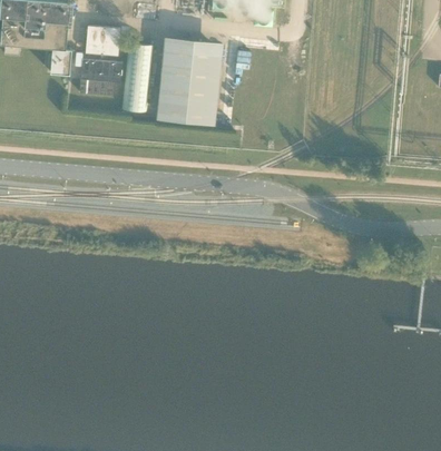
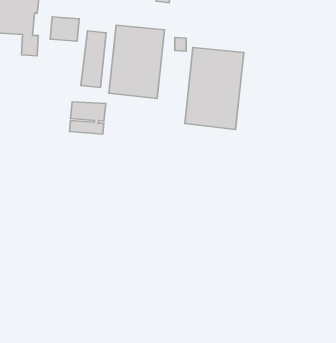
building: [79,60,122,99] -> [69,102,106,134]
building: none -> [185,47,244,130]

